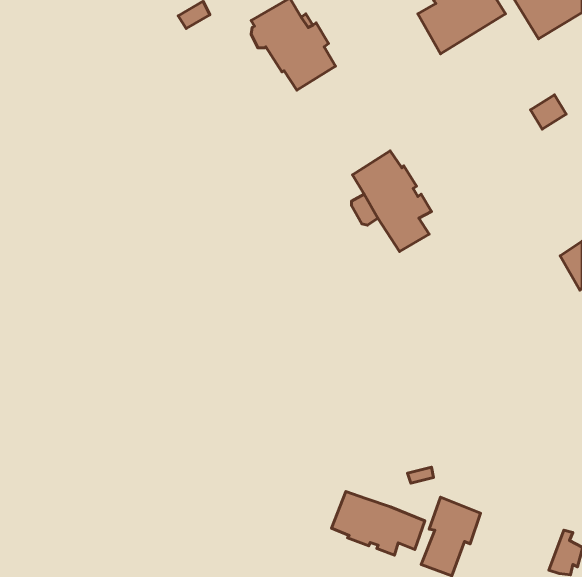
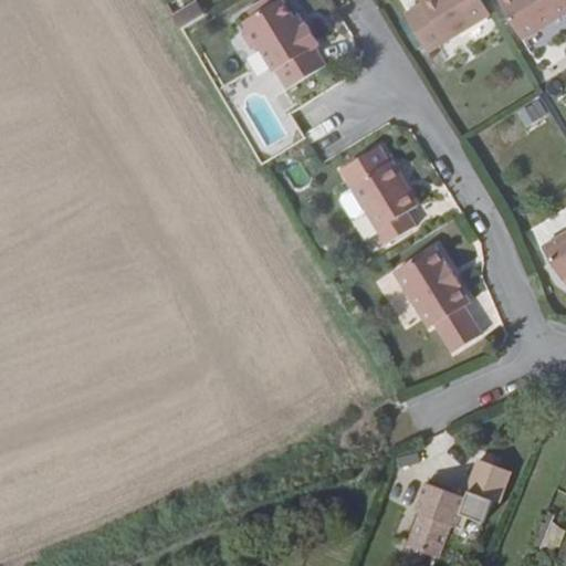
building: none -> [394,245,482,353]
building: none -> [467,459,510,502]
building: [331,491,425,555] -> none

